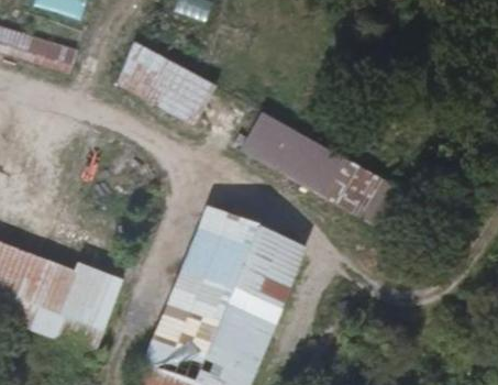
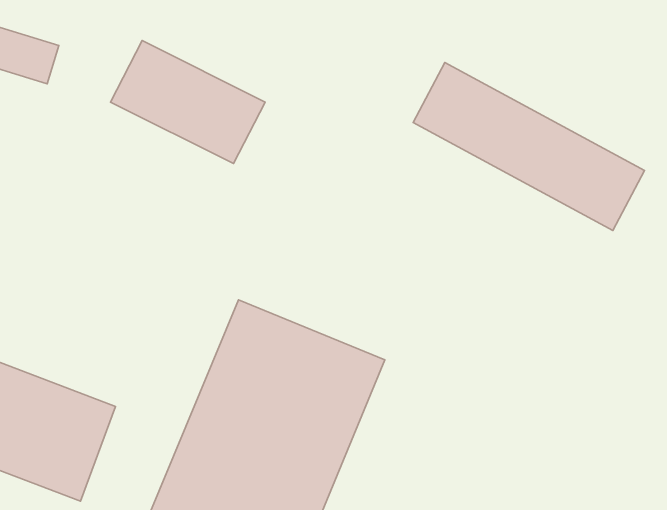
building: [241,112,394,223] -> [413,63,644,231]

